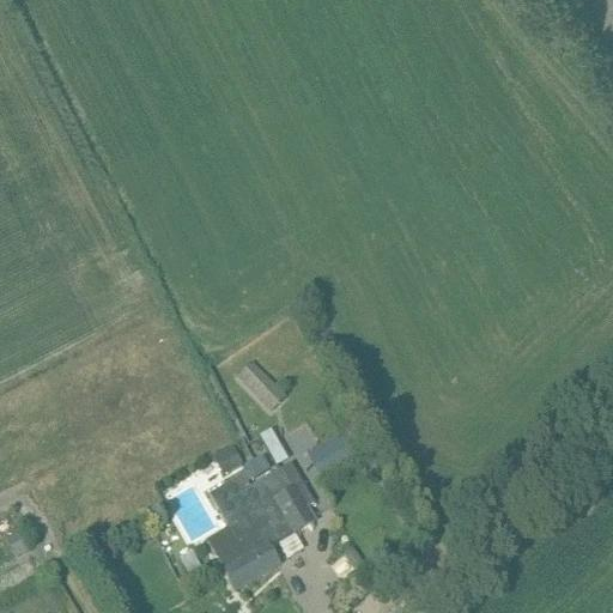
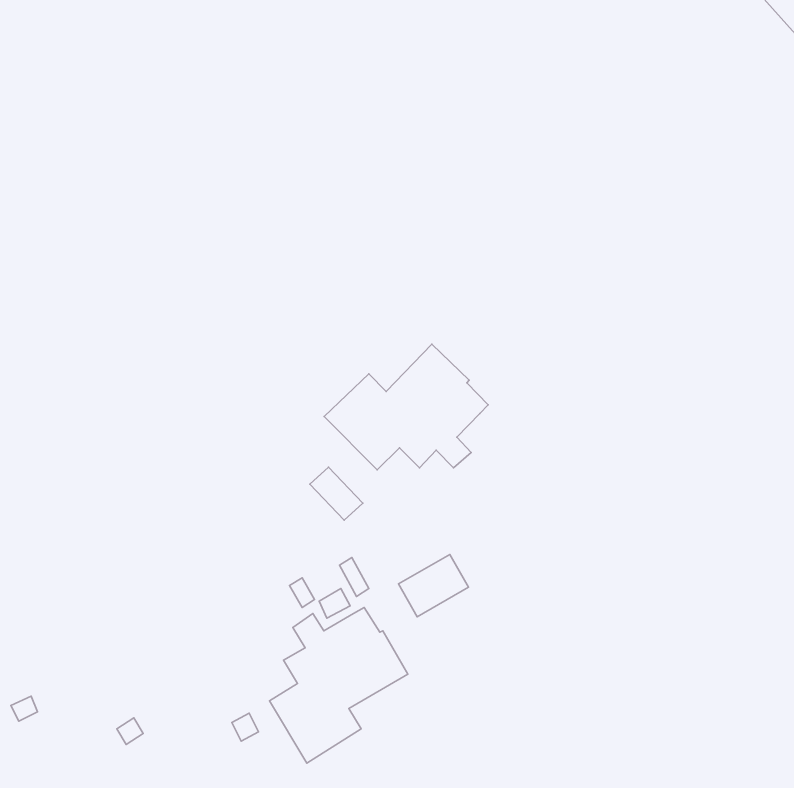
building: none -> [324,344,488,470]

